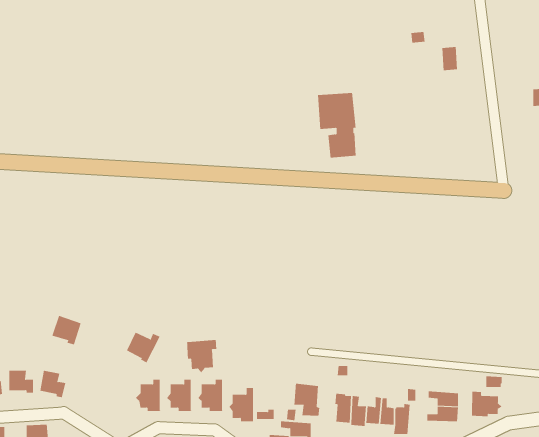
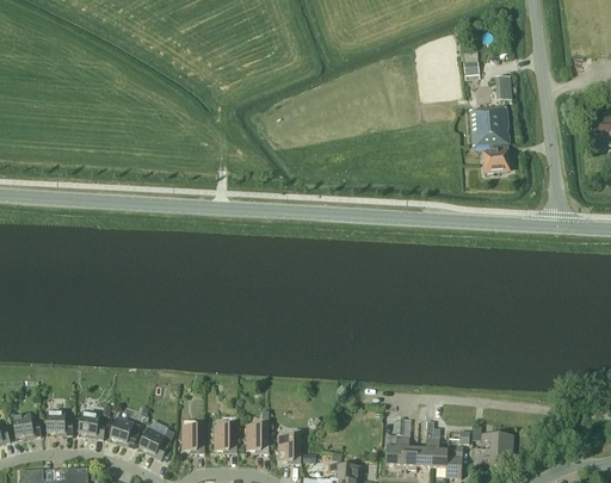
building: [317,93,356,158] -> [470,106,511,174]
building: [51,315,81,345] -> [110,416,141,447]
building: [126,332,161,363] -> [140,427,175,459]
building: [186,339,217,373] -> none
building: [294,383,320,416] -> none
building: [470,391,503,417] -> none

